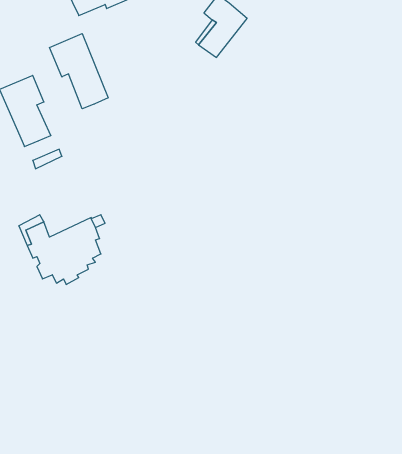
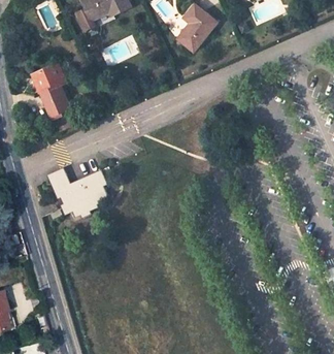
building: [50,34,108,109] -> none

